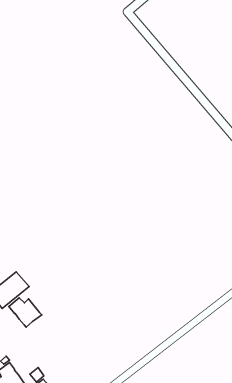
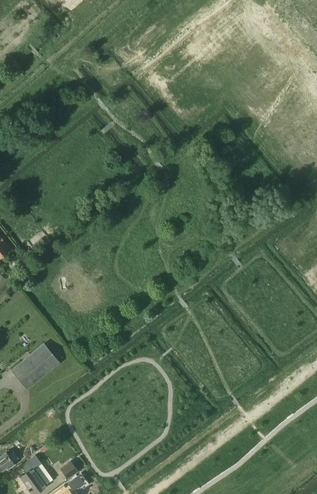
building: [9,298,42,327] -> none

